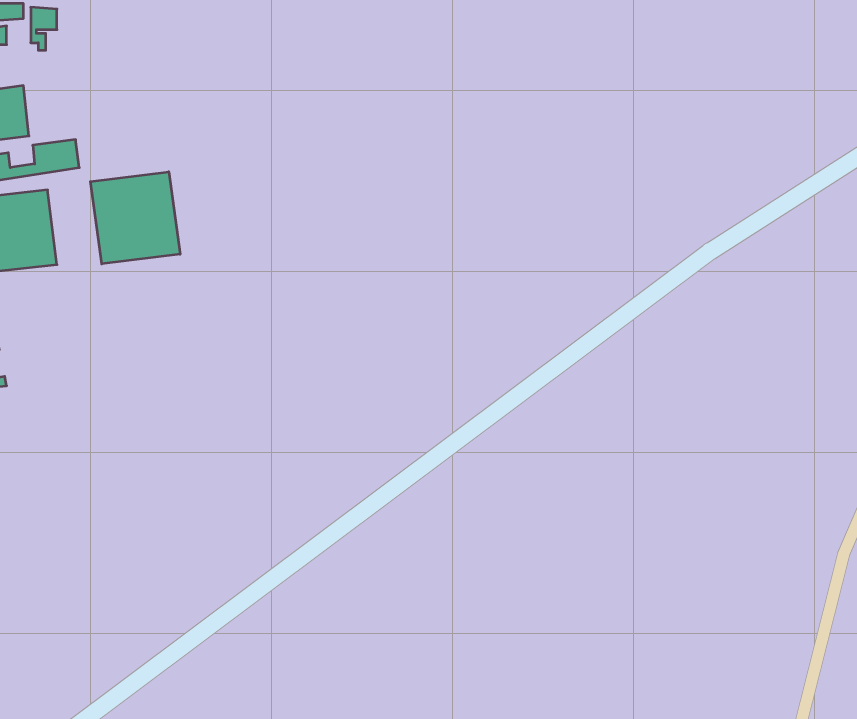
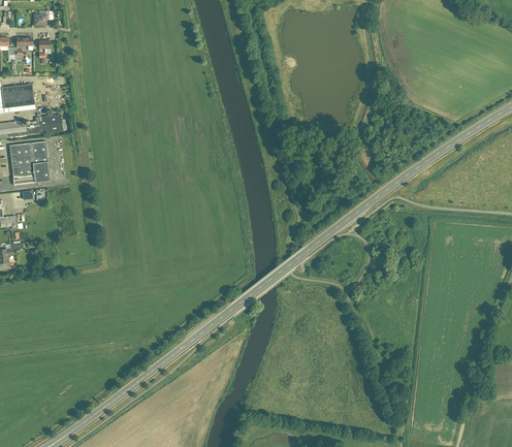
building: [90,172,180,264] -> none

